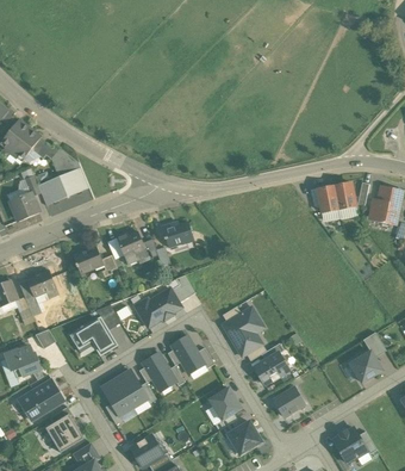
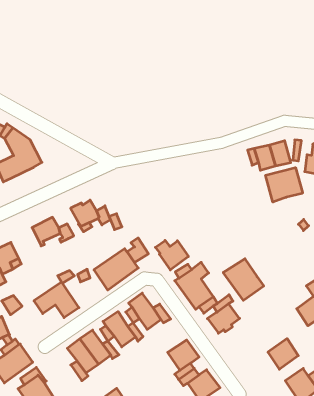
building: none -> [266,168,303,202]
building: [161,222,193,246] -> none
building: none -> [155,240,188,270]
building: none -> [223,259,264,300]
building: [273,386,305,419] -> [268,339,298,369]

